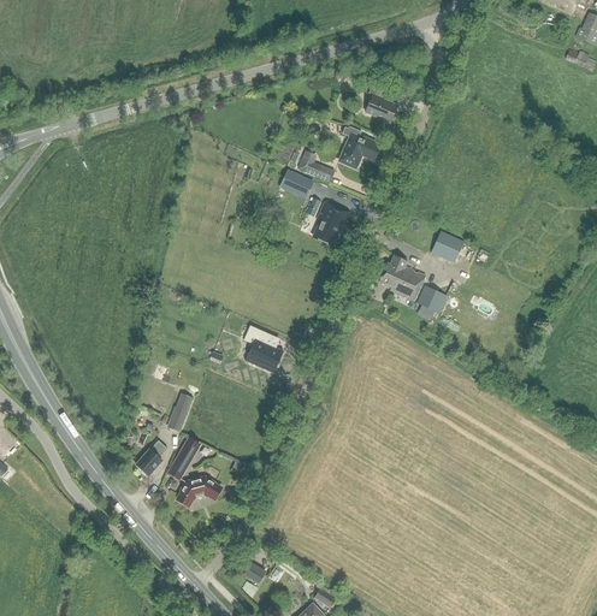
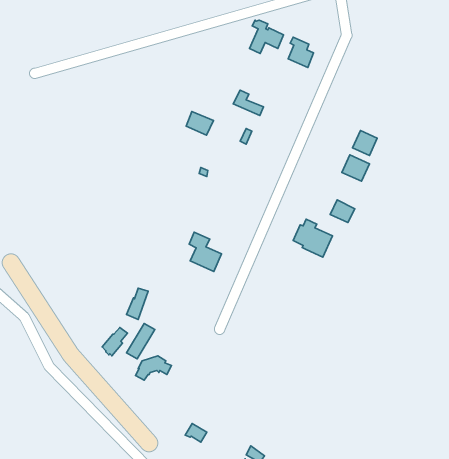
building: [338,126,380,167] -> [249,20,284,53]
building: [282,170,315,199] -> [186,112,213,135]
building: none -> [353,131,377,155]
building: [313,201,351,245] -> none
building: [378,255,426,302] -> [293,219,332,257]

